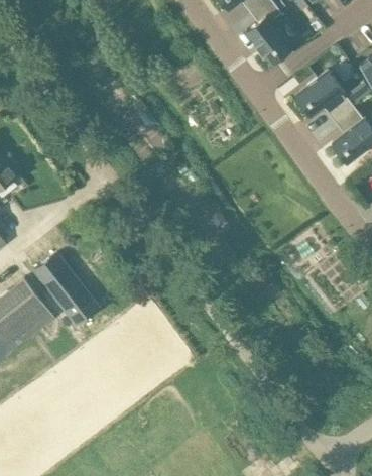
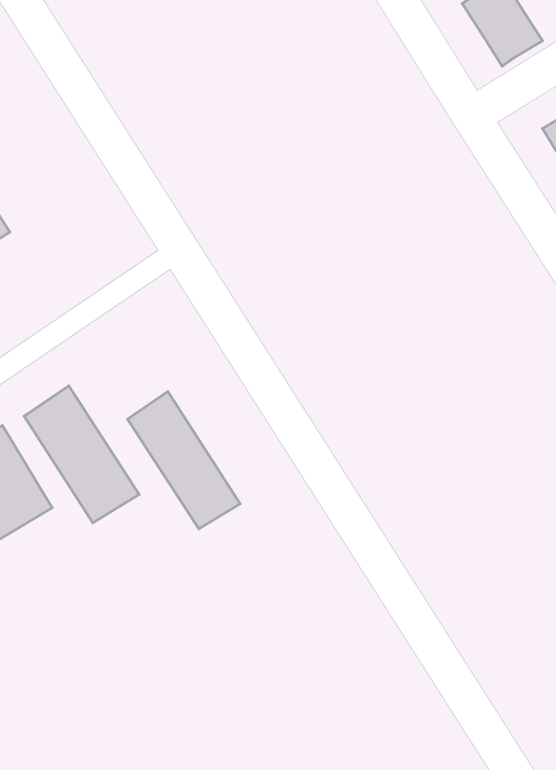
building: none -> [128,392,240,529]

